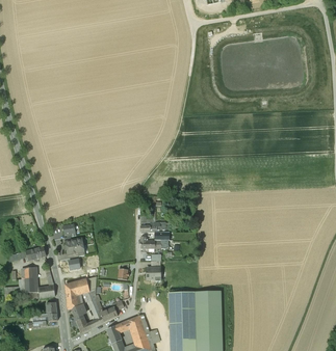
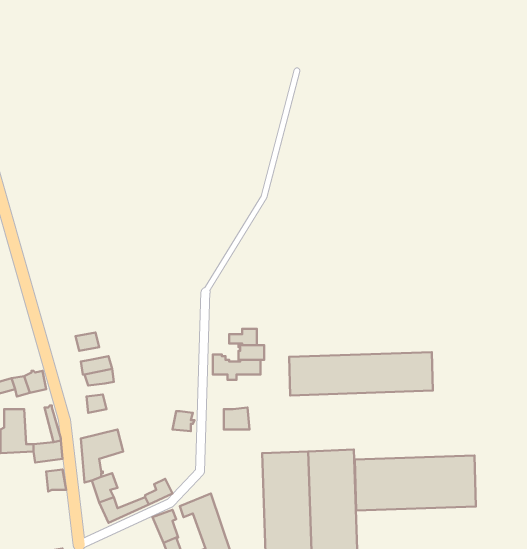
building: none -> [289,352,433,395]
building: none -> [355,455,476,510]

